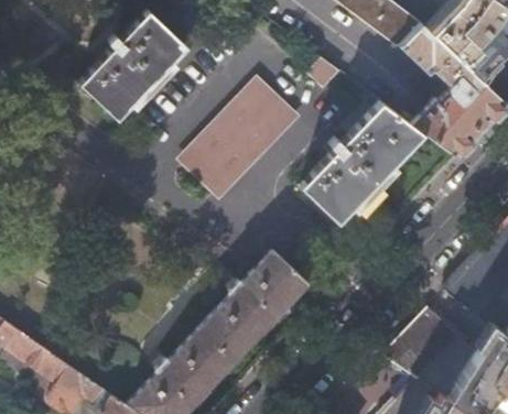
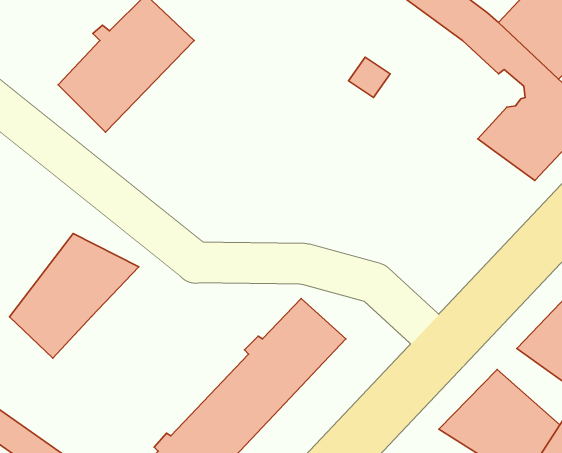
building: [176,78,302,204] -> none
building: [301,102,424,221] -> none
building: none -> [10,234,139,358]

